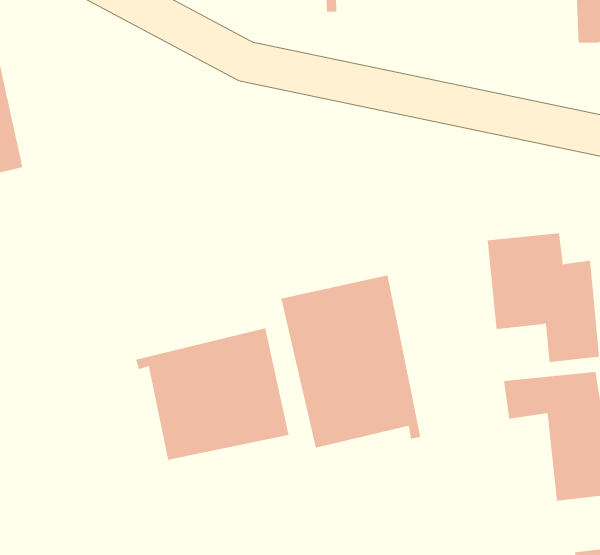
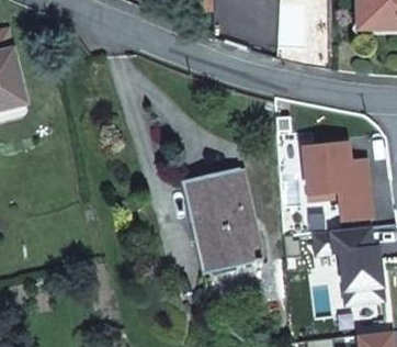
building: [136,328,289,460] -> none

